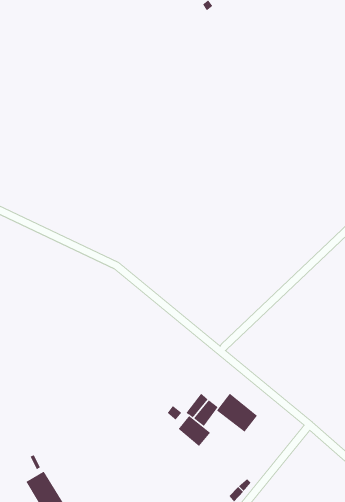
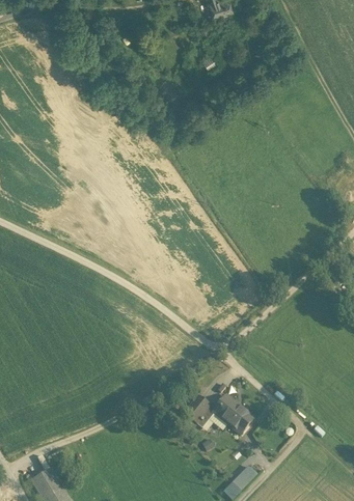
building: [178,415,211,447] -> none

